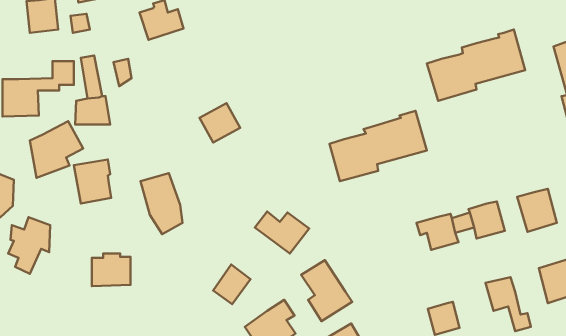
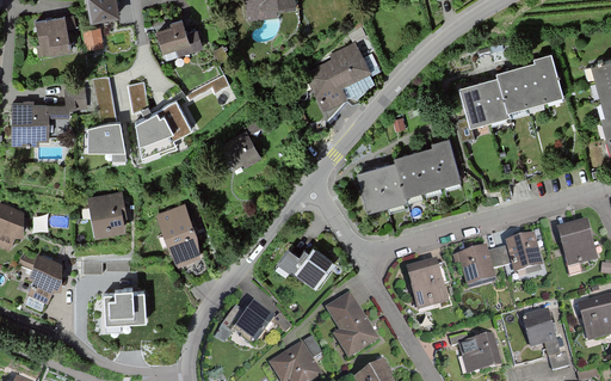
building: none -> [306,39,372,109]
building: [30,121,83,178] -> [136,100,192,160]
building: none -> [406,260,448,309]

